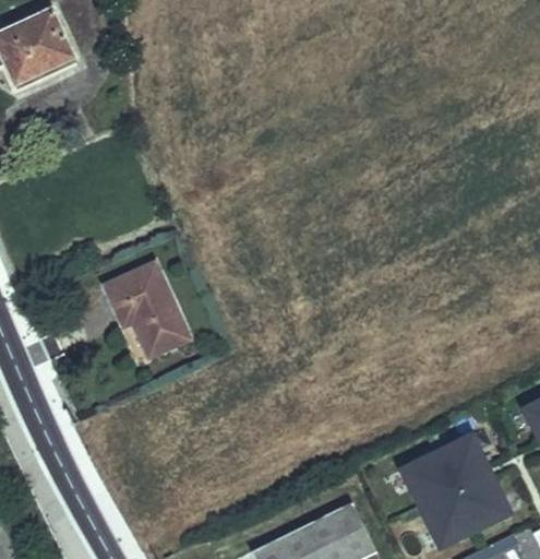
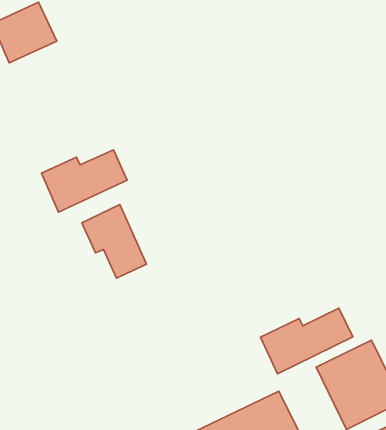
building: none -> [41,150,127,212]
building: none -> [261,308,353,374]

